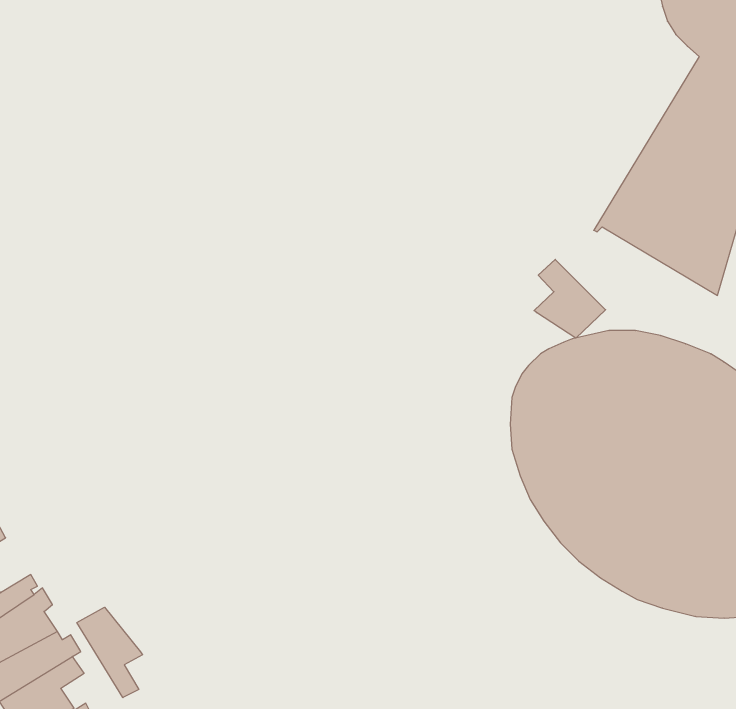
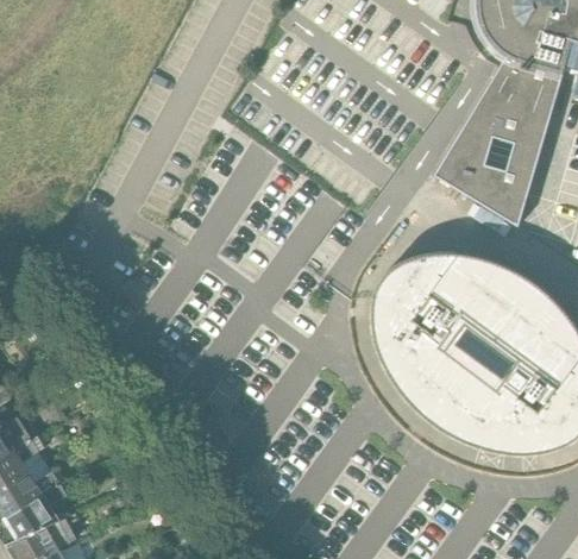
building: [534,259,606,338] -> none
building: [77,607,143,698] -> none

